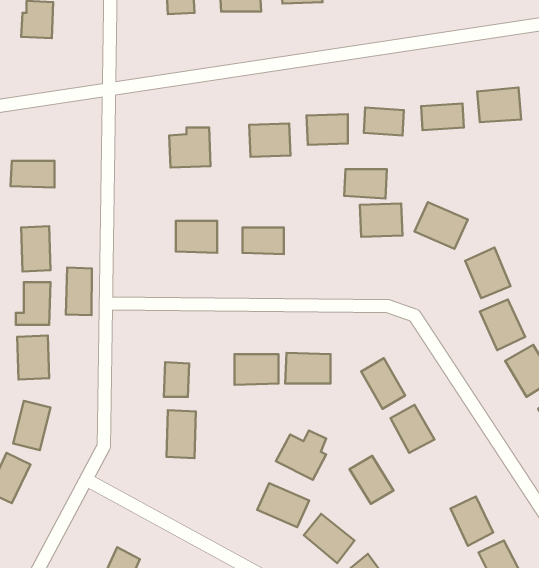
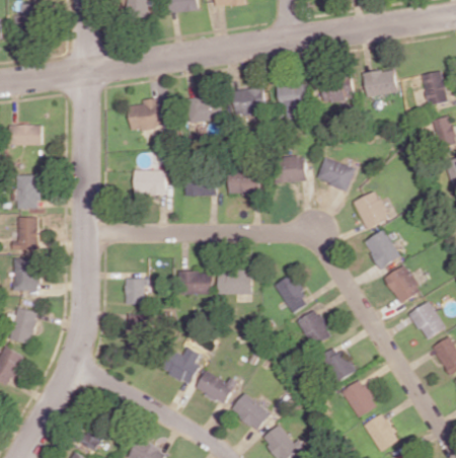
building: [344,169,387,198] -> [227,172,259,195]
building: [66,268,92,315] -> none
building: [276,431,326,480] -> [161,347,200,384]
building: [349,456,393,504] -> [320,346,354,382]

